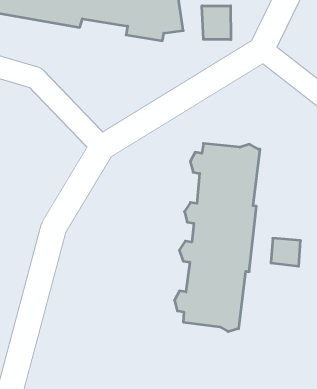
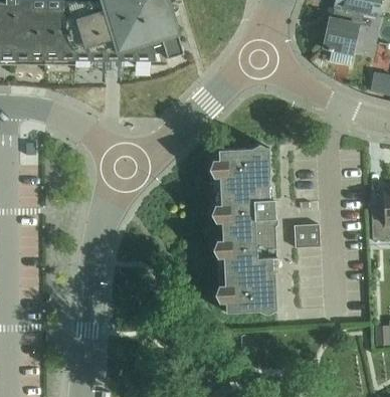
building: [202,6,231,40] -> none

